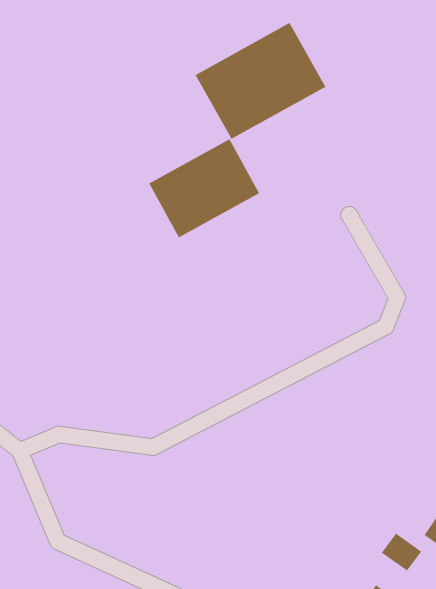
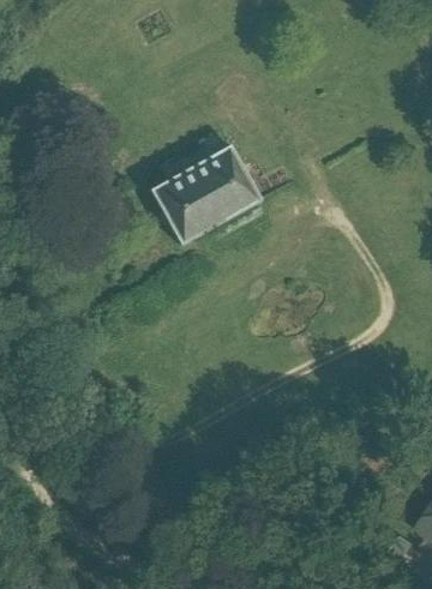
building: [194,22,327,140] -> none

